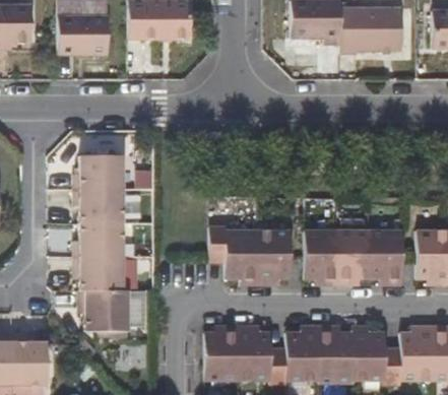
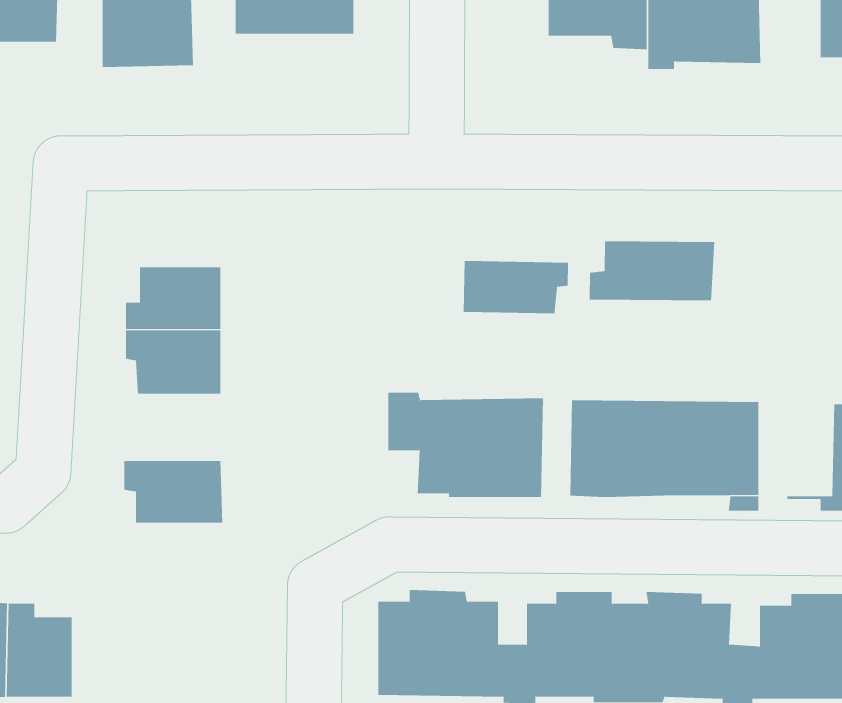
building: none -> [589,241,715,301]
building: none -> [463,260,569,314]
building: [71,223,122,258] -> none
building: [415,227,440,276] -> none
building: [77,290,128,330] -> none

